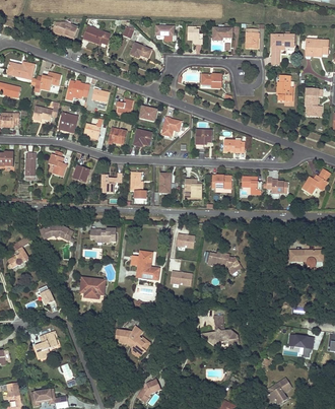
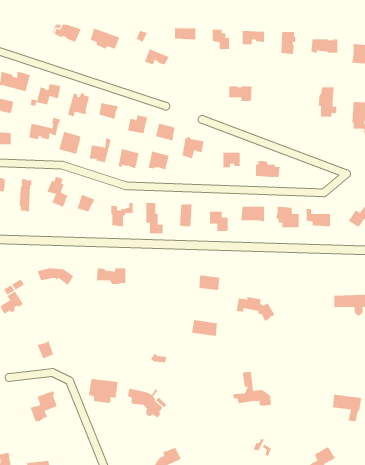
building: [133,253,158,281] -> none
building: [79,277,105,298] -> [88,378,118,404]

